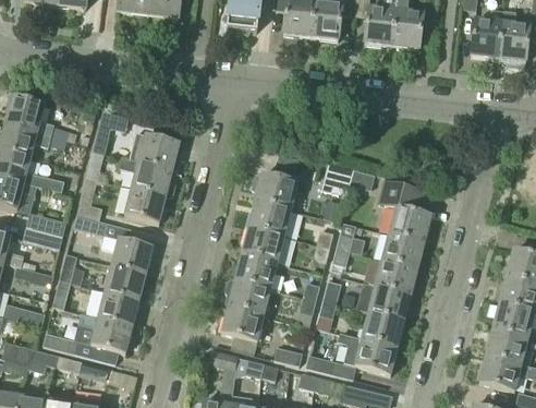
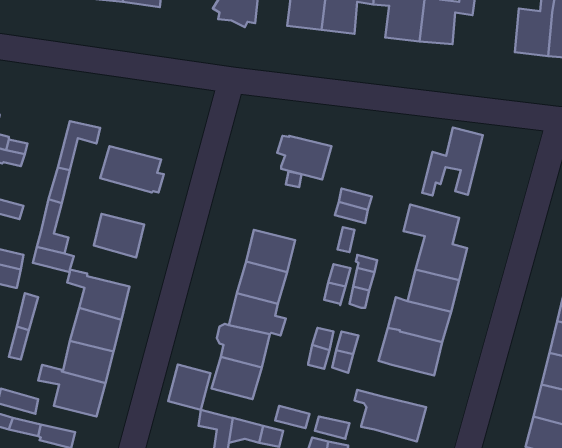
building: none -> [422,128,483,195]
building: [120,157,174,196] -> none
building: [252,173,296,209] -> [277,136,332,179]
building: none -> [168,365,211,410]
building: [361,312,403,347] -> none

